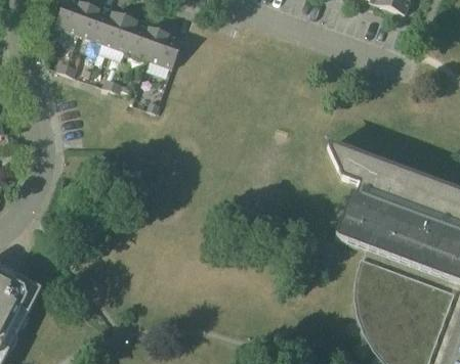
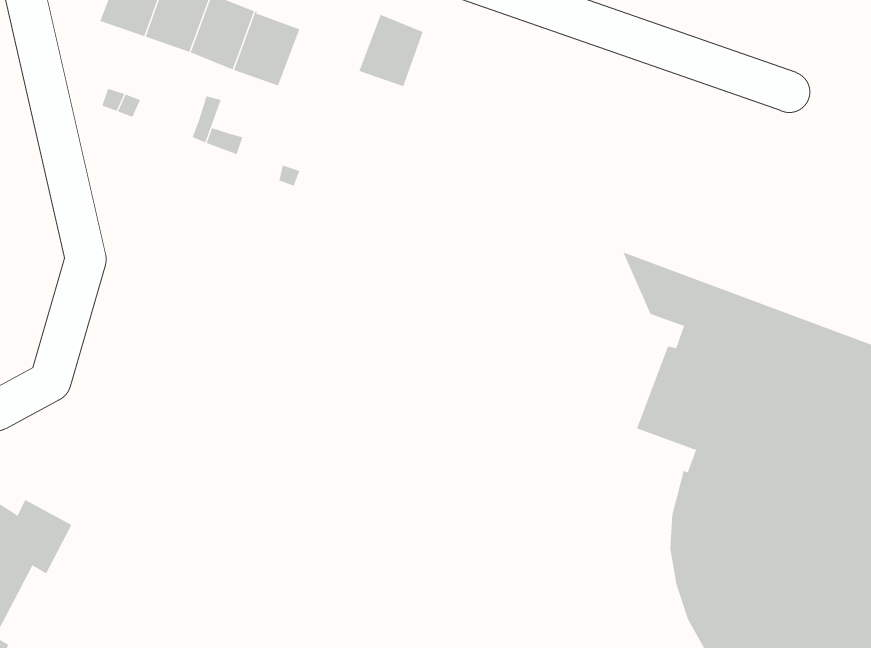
building: [149,29,182,66] -> [359,14,423,87]

